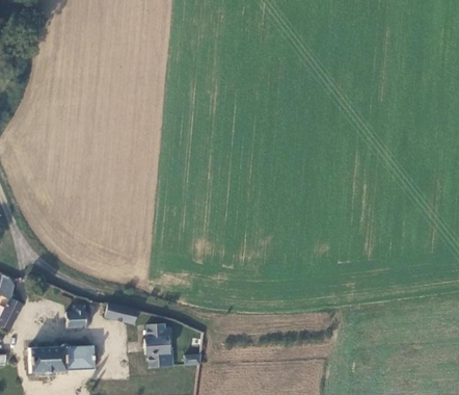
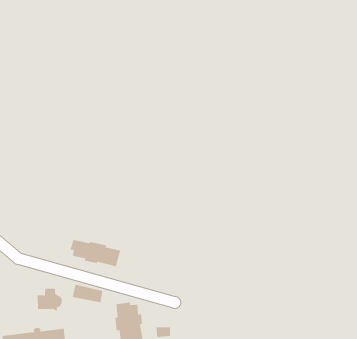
building: none -> [69,239,121,267]

